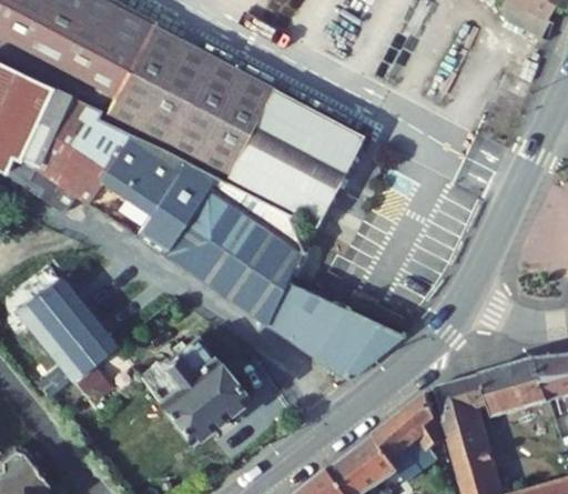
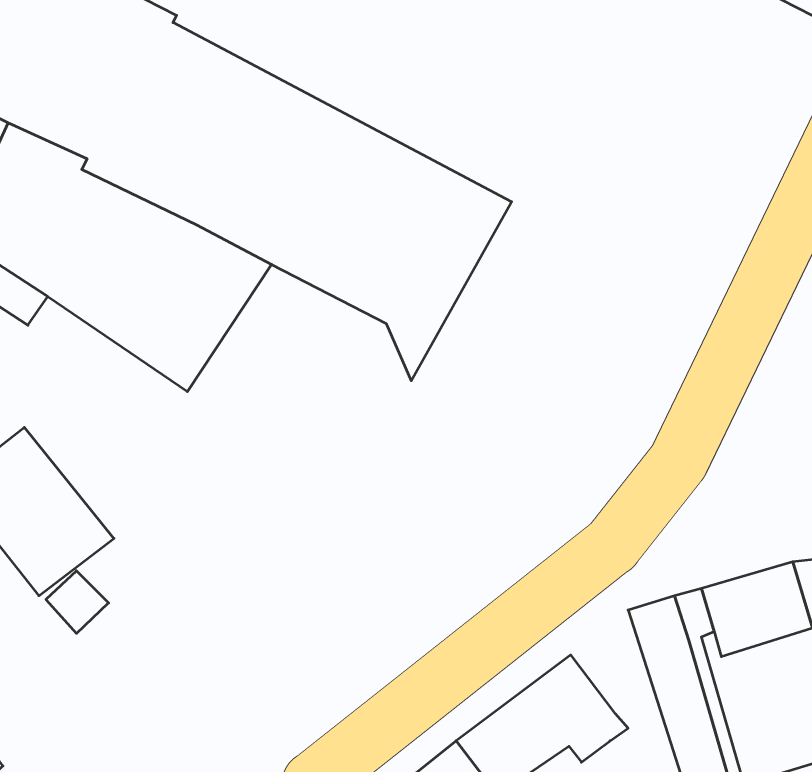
building: [161,174,402,377] -> none
building: [139,339,244,441] -> none
building: [398,394,444,462] -> none

